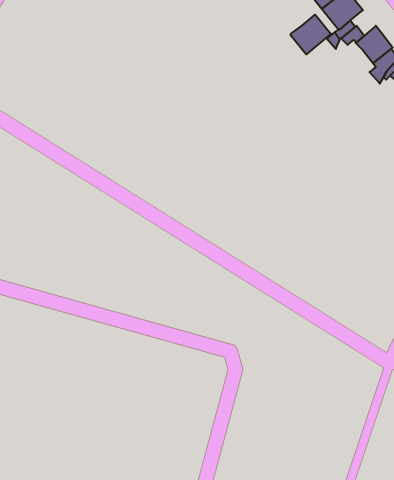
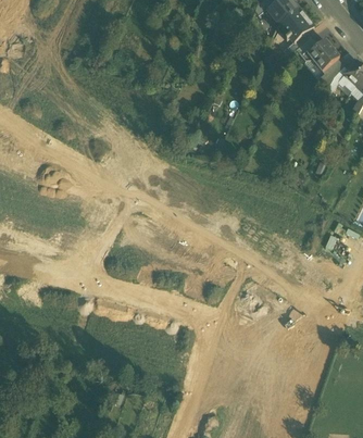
building: [291,15,331,54] -> none

